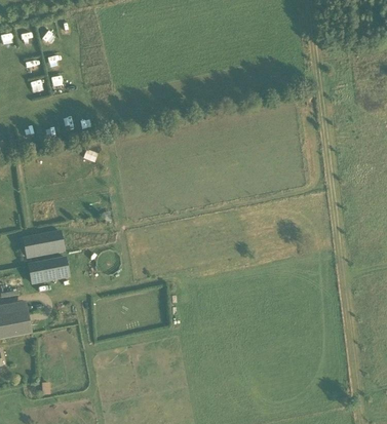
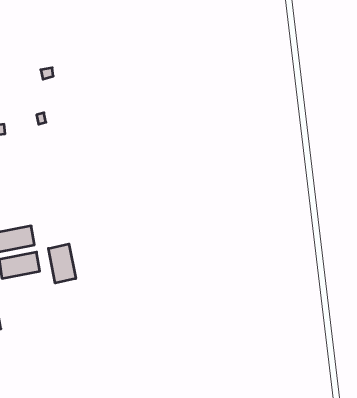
building: none -> [48,244,76,283]

